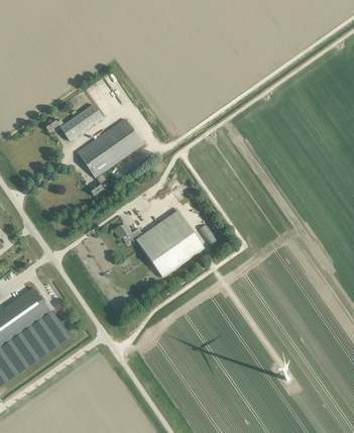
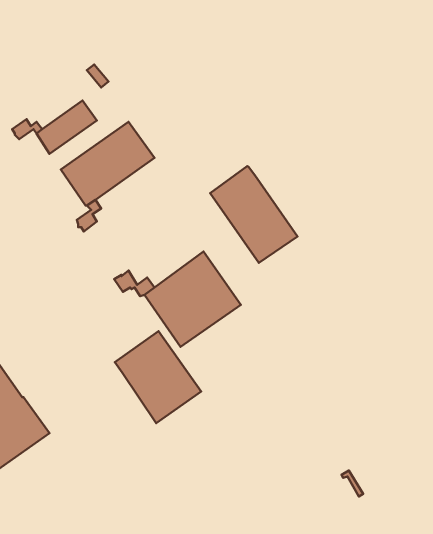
building: none -> [210,166,297,263]
building: none -> [115,331,201,423]

